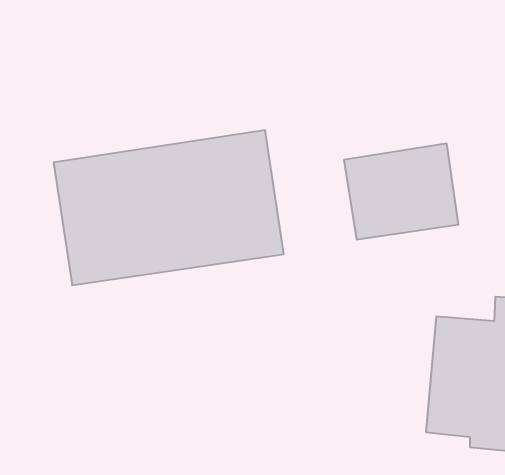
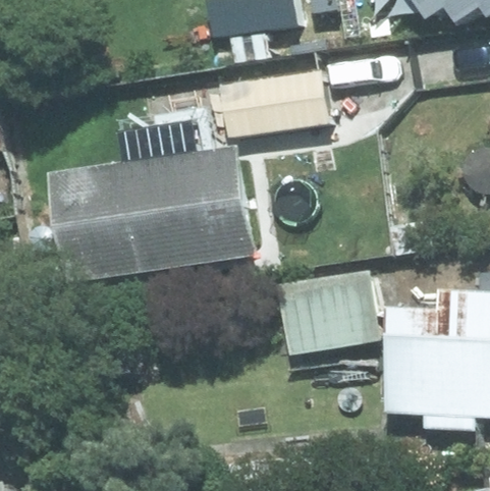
building: none -> [218,70,326,141]
building: [344,144,458,240] -> [277,271,378,356]

